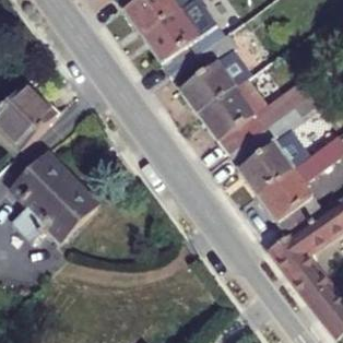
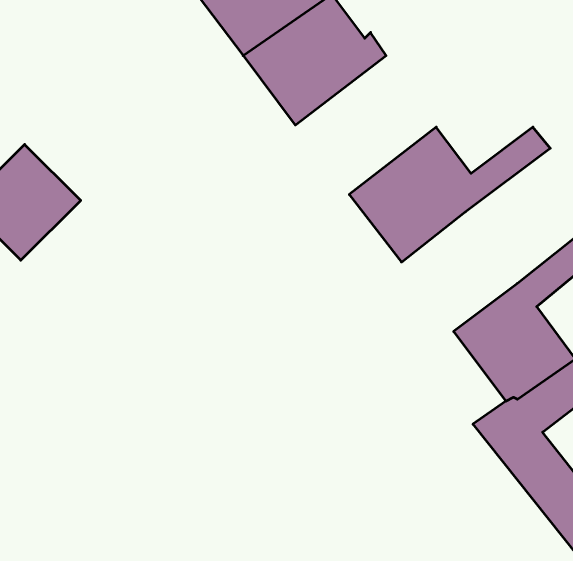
building: [175,39,255,118] -> none
building: [235,128,300,196] -> none
building: [13,156,100,245] -> none

